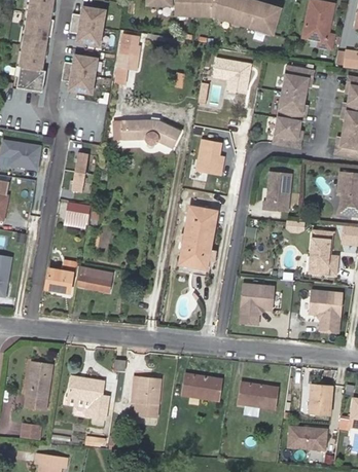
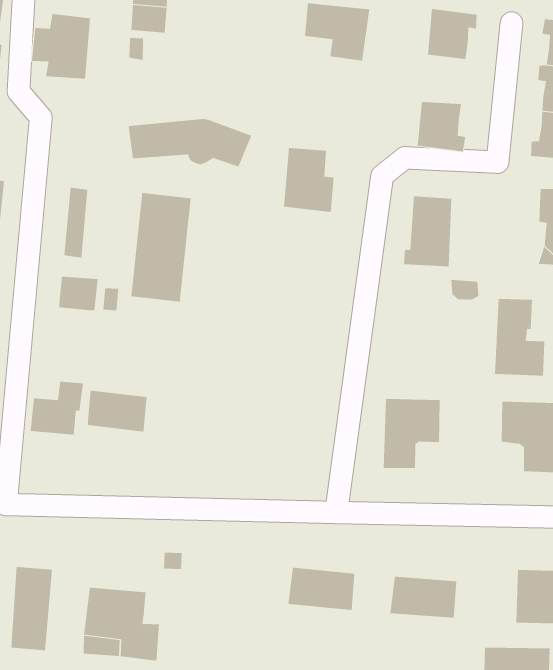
building: [277,93,305,122] -> none
building: [179,206,217,268] -> [130,193,192,302]
building: [137,377,160,416] -> none

